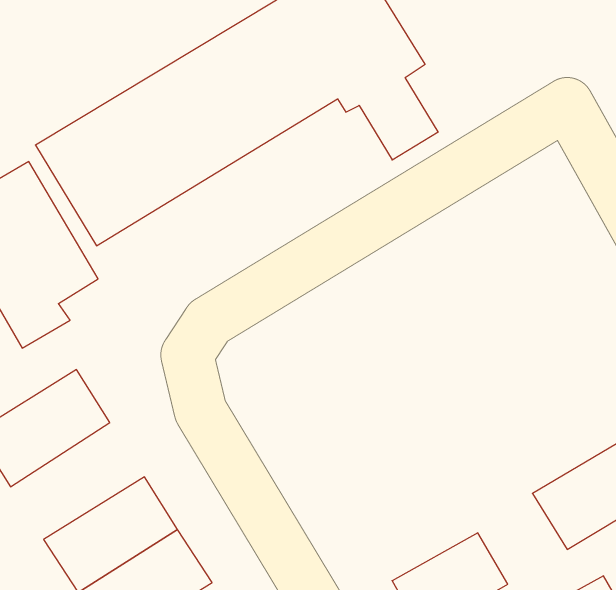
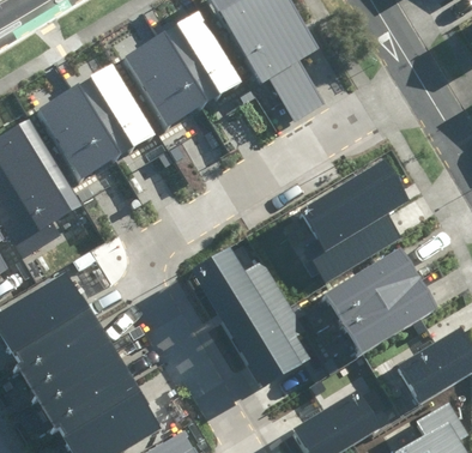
building: none -> [298,162,406,272]
building: none -> [193,238,316,387]
building: none -> [327,252,436,352]
building: none -> [17,310,114,395]

